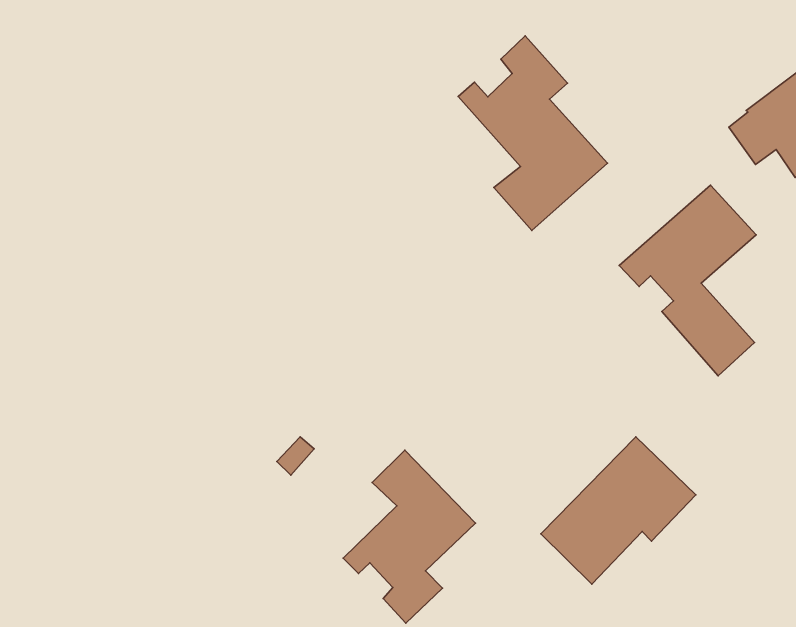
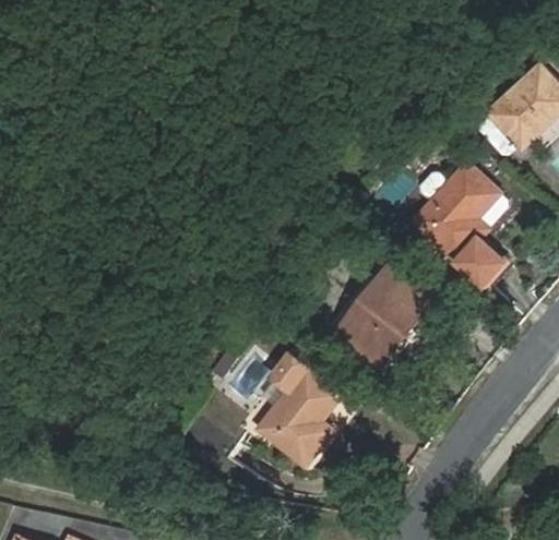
building: [458,36,607,231] -> none
building: [541,437,696,584] -> [335,267,431,364]

